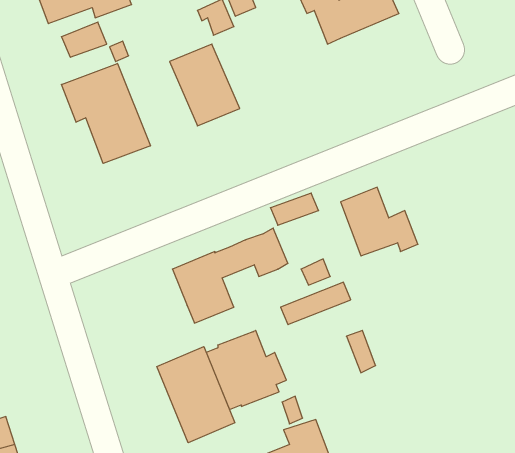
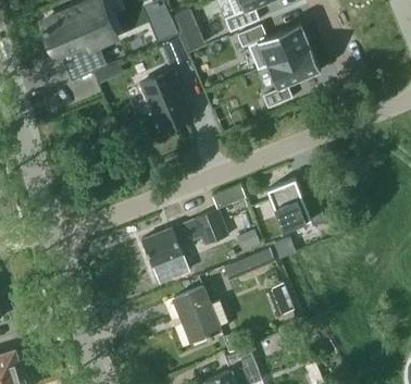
building: none -> [262,48,321,109]
building: [61,63,150,163] -> none
building: [157,347,235,443] -> none

